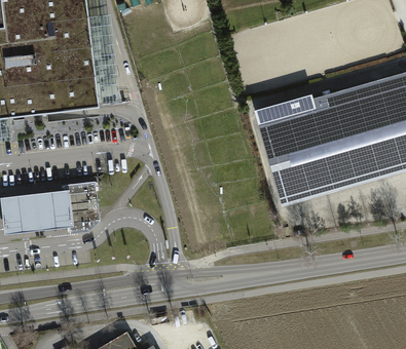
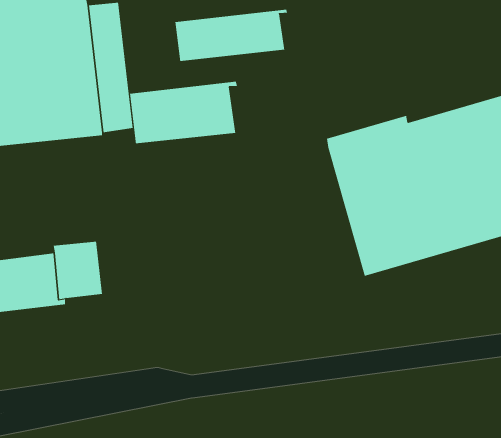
building: none -> [175,9,288,62]
building: none -> [129,81,237,144]

